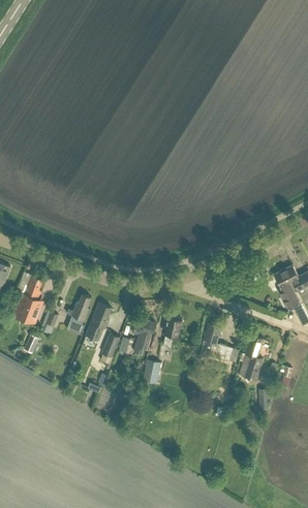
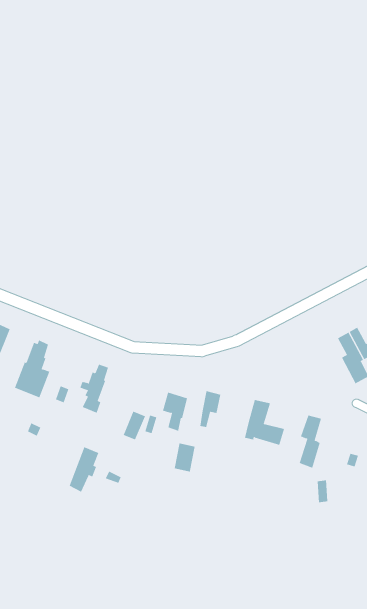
building: [86,304,111,341] -> [69,446,99,492]

